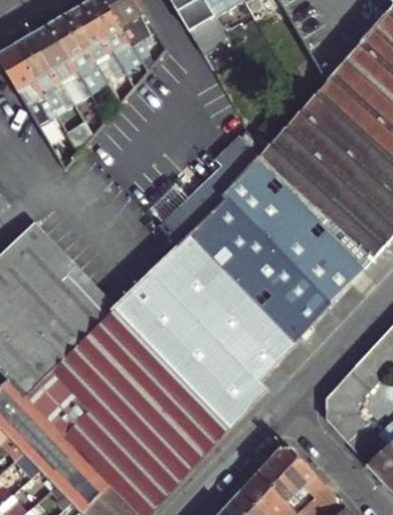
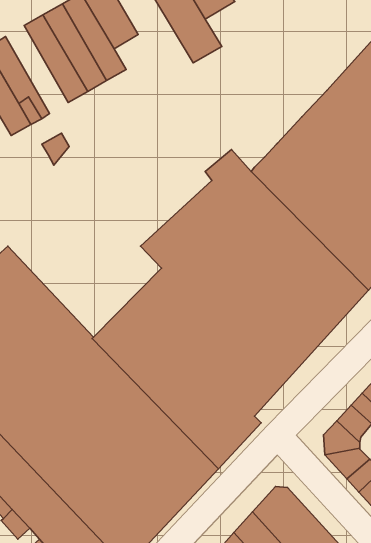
building: [31,24,91,102] -> none

